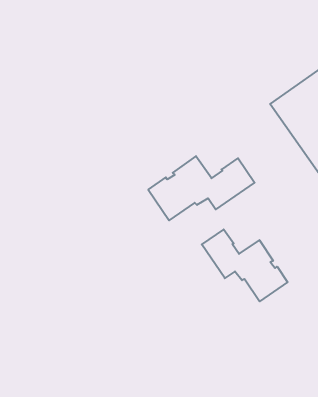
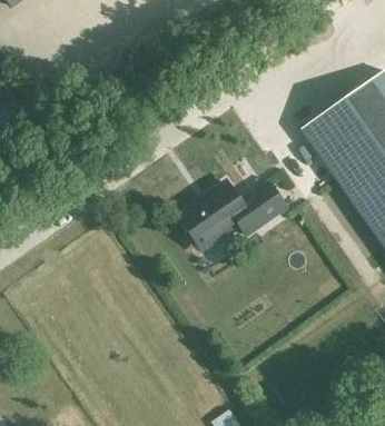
building: [202,229,288,301] -> none

